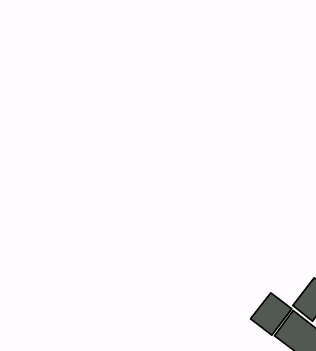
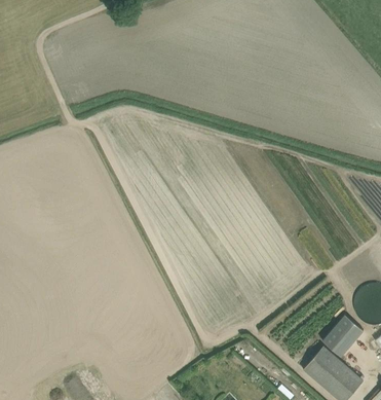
building: [251,293,292,335] -> none

